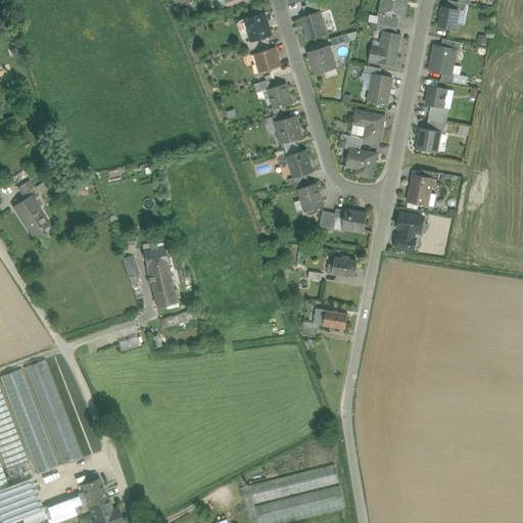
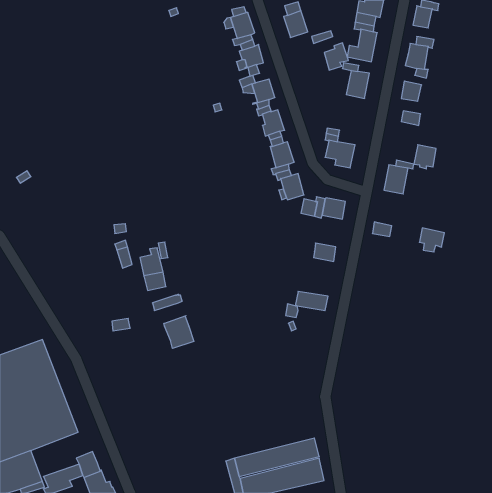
building: [308,46,334,75] -> [324,43,348,70]
building: [350,110,384,142] -> none
building: [416,128,439,153] -> [414,145,436,169]
building: [14,196,46,236] -> none
building: [396,212,423,238] -> [419,228,444,252]
building: [143,247,167,273] -> none
building: none -> [164,316,194,348]

